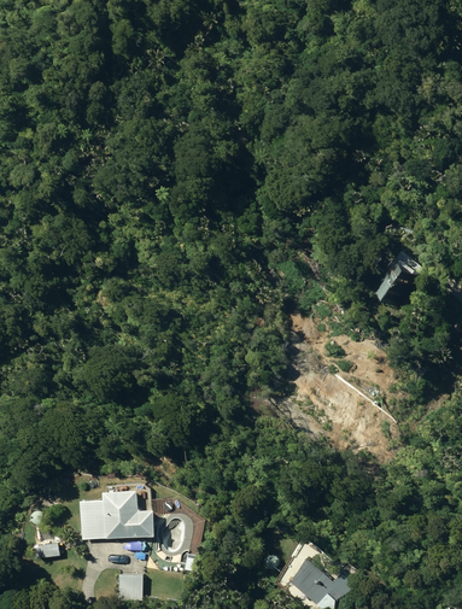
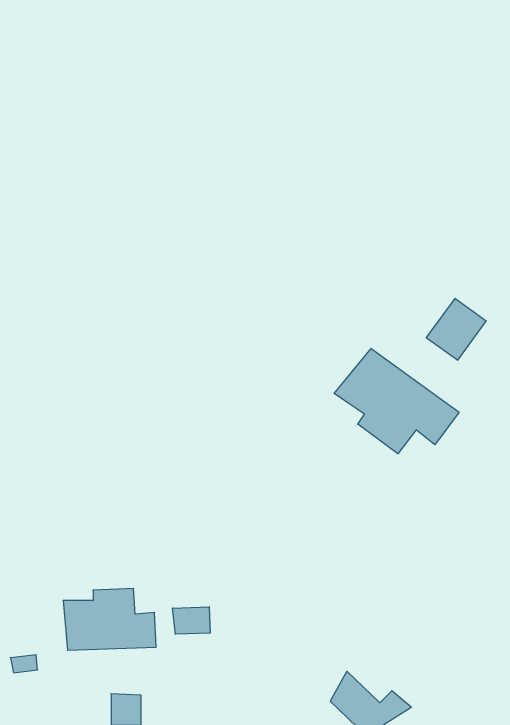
building: none -> [334,348,459,454]
building: none -> [173,607,210,634]

